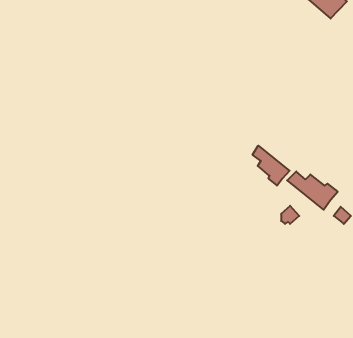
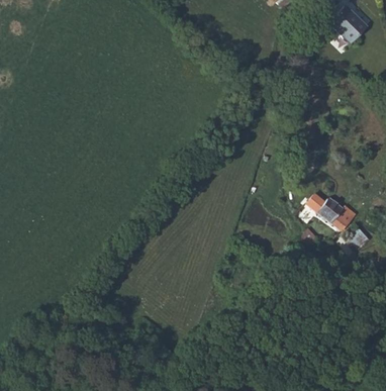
building: [253,146,290,186] -> none

